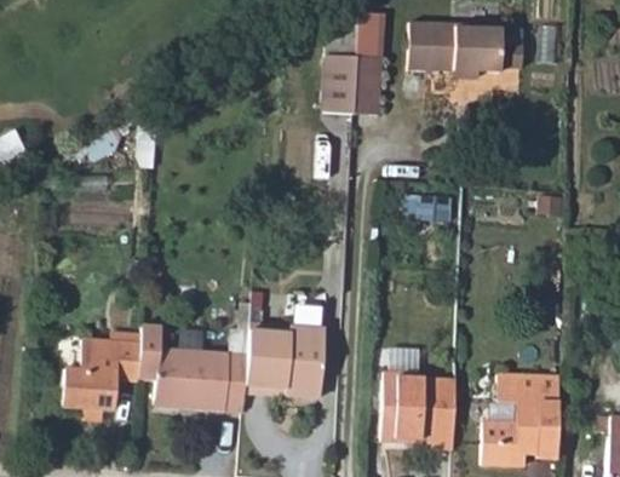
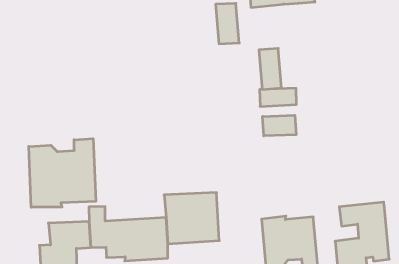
building: [327,58,357,116] -> [259,48,282,89]
building: none -> [29,139,96,207]
building: none -> [263,115,296,136]

